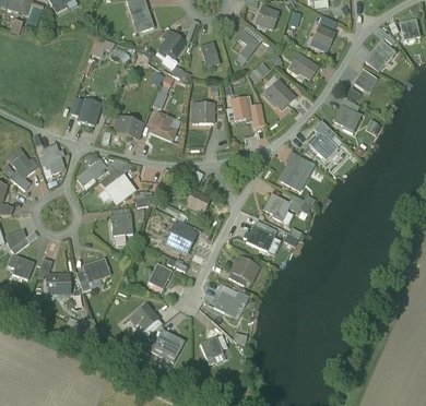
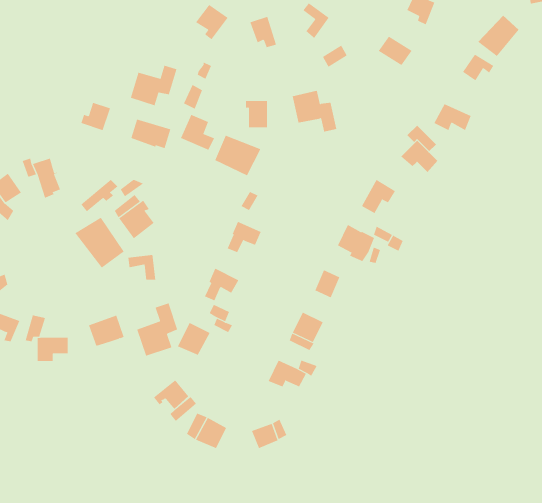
building: none -> [130,65,177,106]
building: [262,80,294,108] -> none
building: none -> [215,135,261,176]
building: none -> [75,217,124,269]
building: none -> [137,303,178,356]

